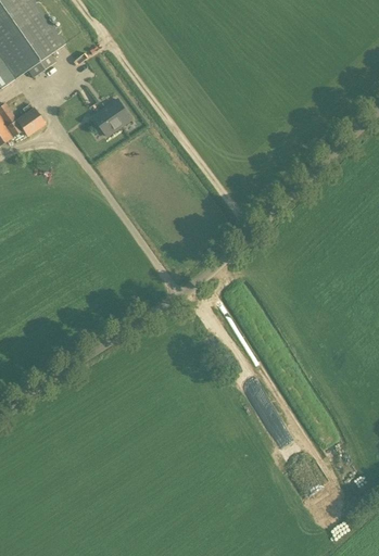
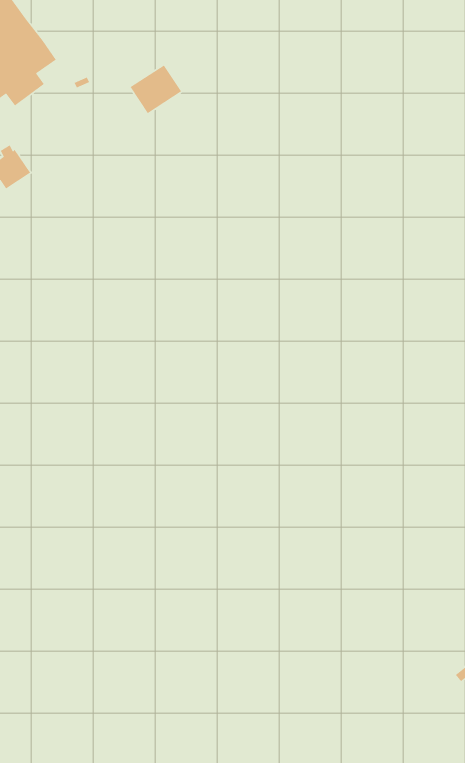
building: [91,100,129,136] -> [129,64,182,114]

